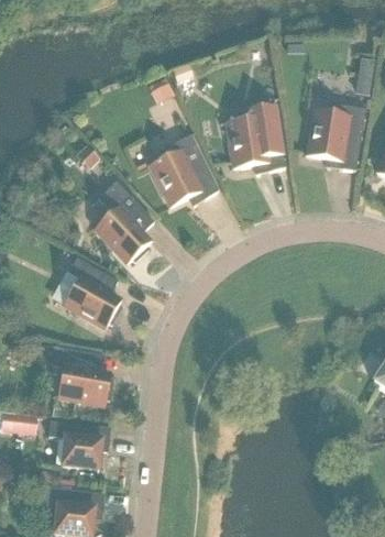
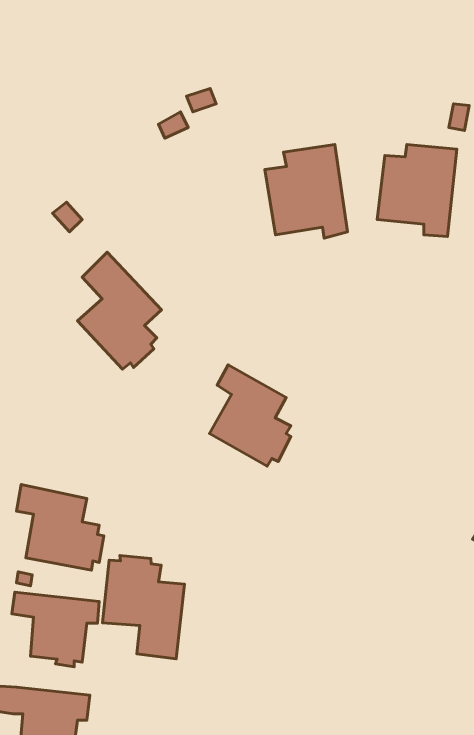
building: [150,134,218,207] -> none
building: [64,256,121,328] -> [210,365,291,466]
building: none -> [103,555,185,659]

